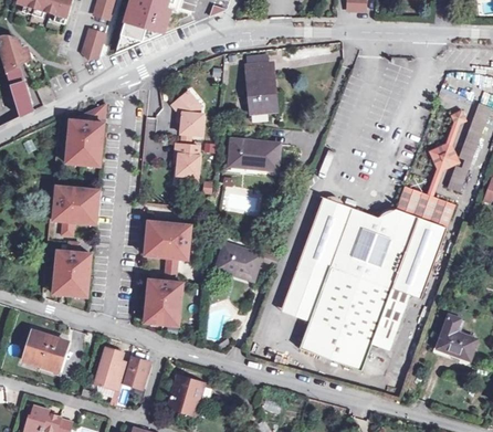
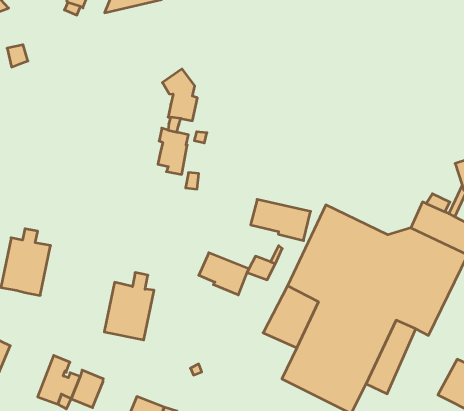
building: [246,63,276,115] -> none
building: [66,104,106,167] -> none
building: [229,141,279,172] -> [251,199,311,241]
building: [53,187,99,236] -> none
building: [145,221,191,271] -> none

